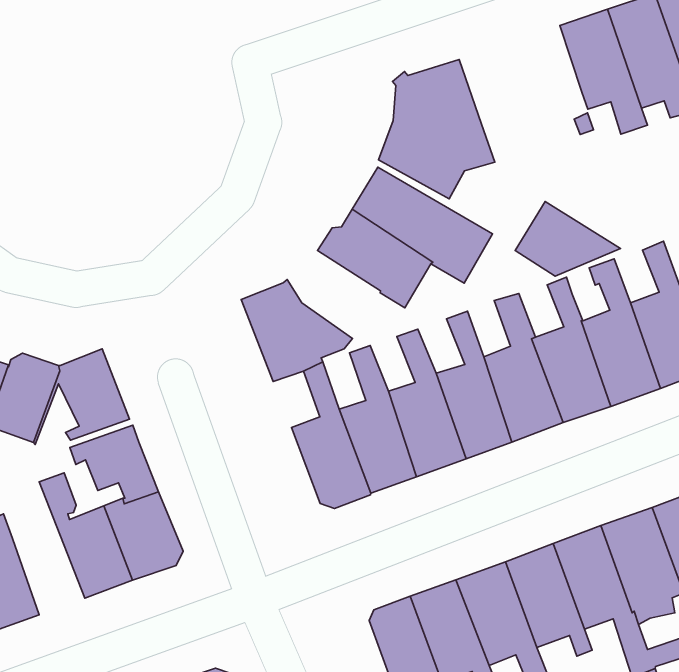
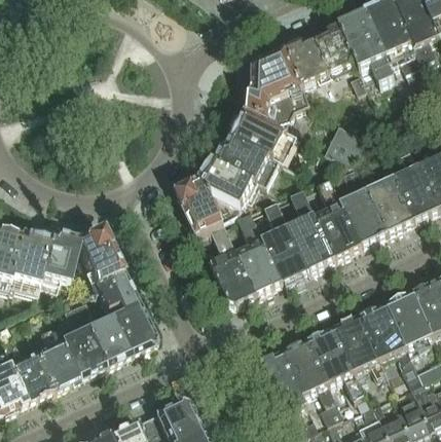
building: none -> [286,26,356,84]
building: none -> [200,160,253,210]
building: none -> [60,304,103,378]

